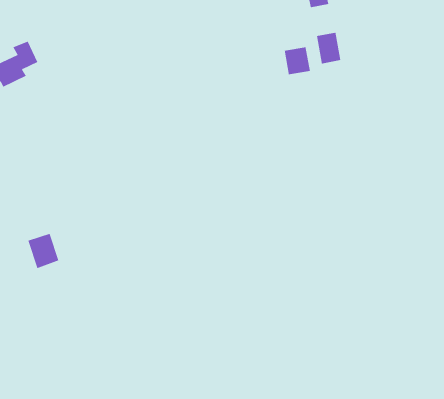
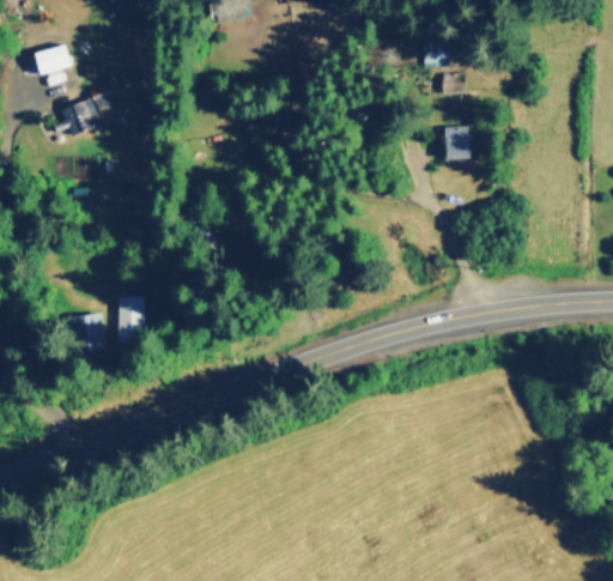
building: [284,47,310,75] -> none
building: none -> [119,297,146,343]

